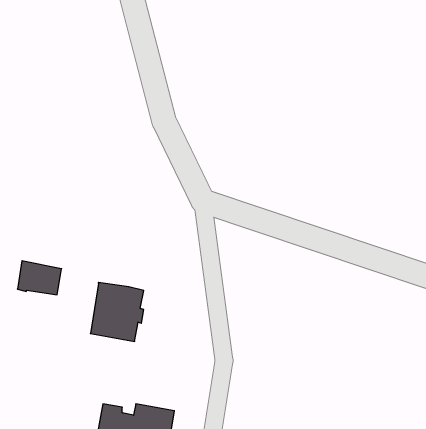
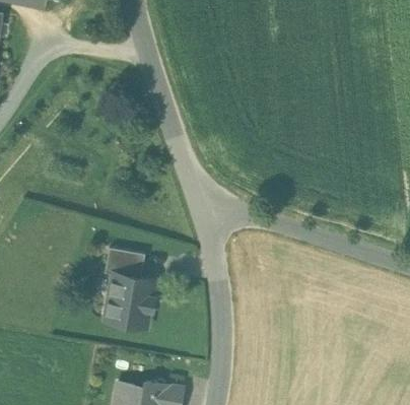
building: [17,261,62,295] -> [105,247,144,277]

